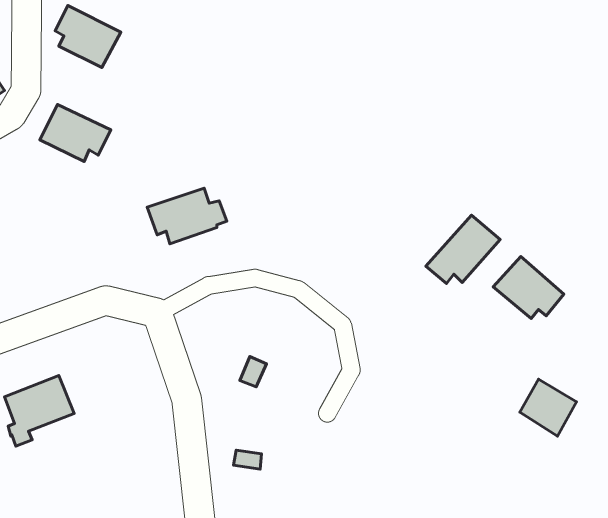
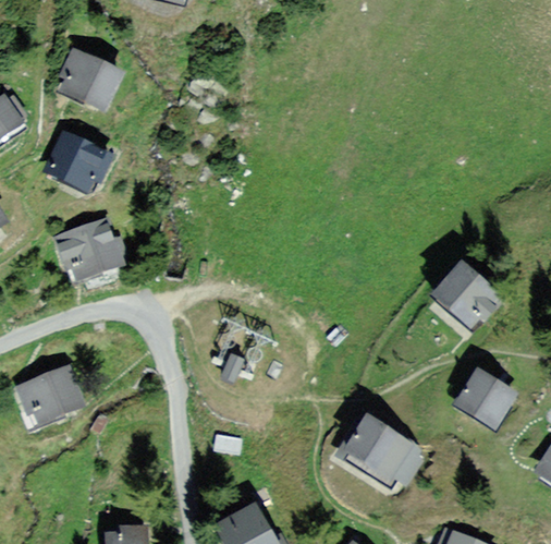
building: [147,188,227,244] -> [57,227,125,275]
building: [426,215,500,284] -> none
building: none -> [339,420,423,487]

